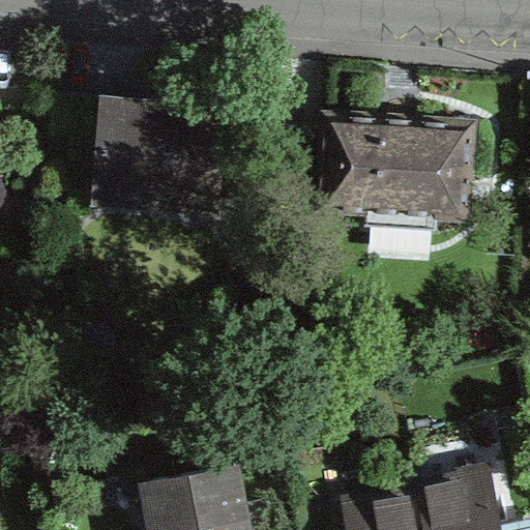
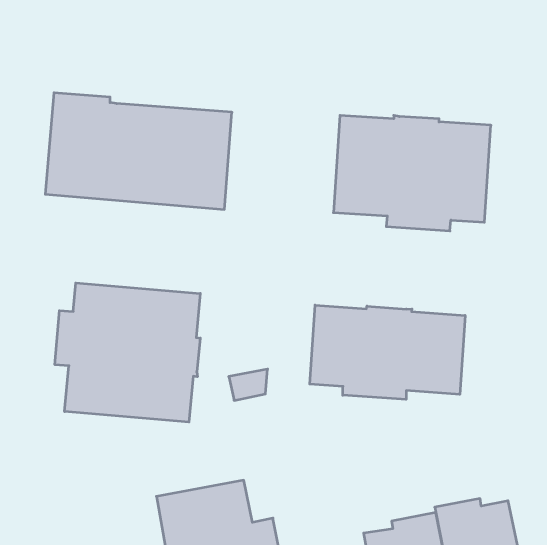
building: none -> [55,283,200,422]
building: none -> [310,305,465,399]

